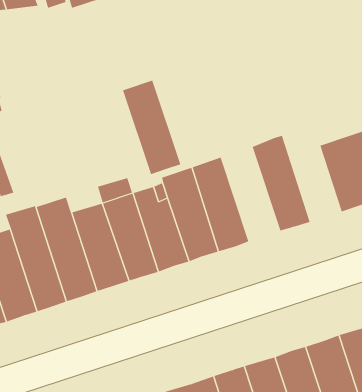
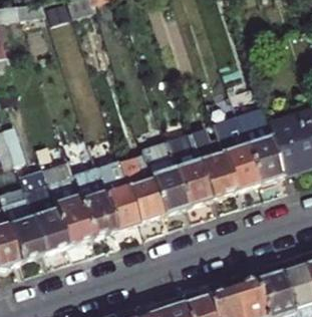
building: [122,80,181,175] -> [190,123,236,198]
building: none -> [238,106,284,183]

